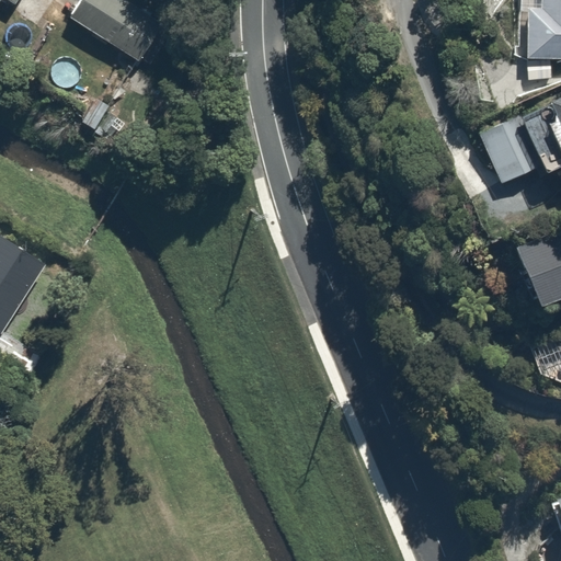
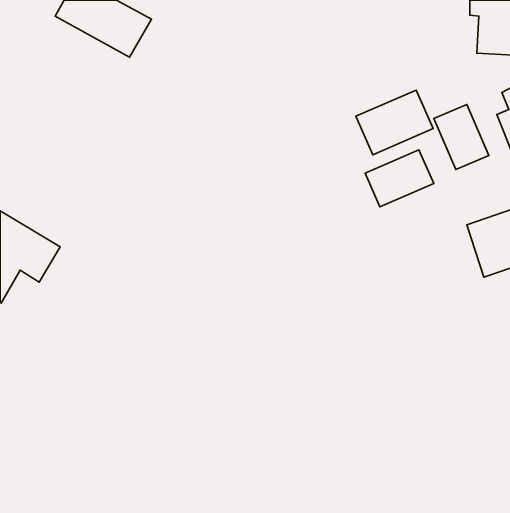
building: none -> [356,90,433,155]
building: none -> [365,150,434,207]

